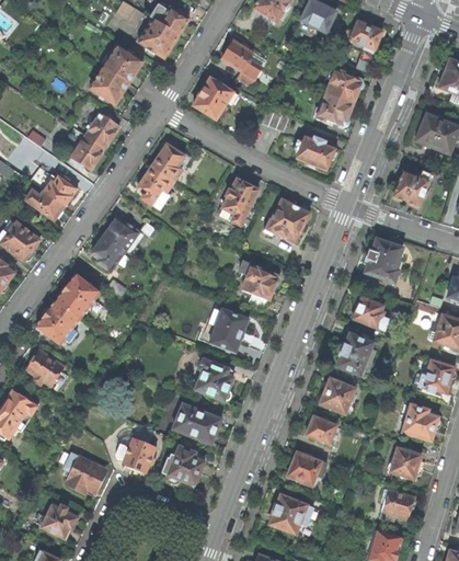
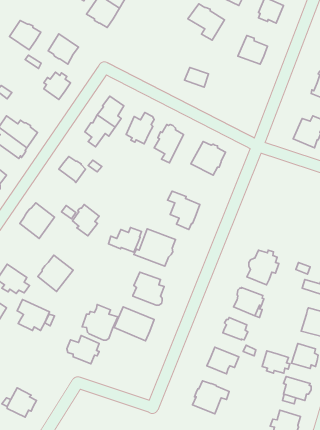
building: [220,41,265,85] -> [188,4,225,40]
building: [104,46,142,82] -> [10,21,41,50]
building: [192,77,237,119] -> none
building: [315,93,352,124] -> none
building: [70,134,104,169] -> none
building: [292,135,336,169] -> none
building: none -> [126,112,154,144]
building: [90,232,123,271] -> [73,205,99,236]
building: [364,238,402,282] -> none
building: [353,295,388,328] -> none
building: [36,299,80,344] -> [38,255,73,292]
building: none -> [108,227,142,252]
building: [160,445,204,489] -> [82,305,118,340]
building: [64,454,103,492] -> [17,299,49,331]
building: none -> [262,351,290,373]

